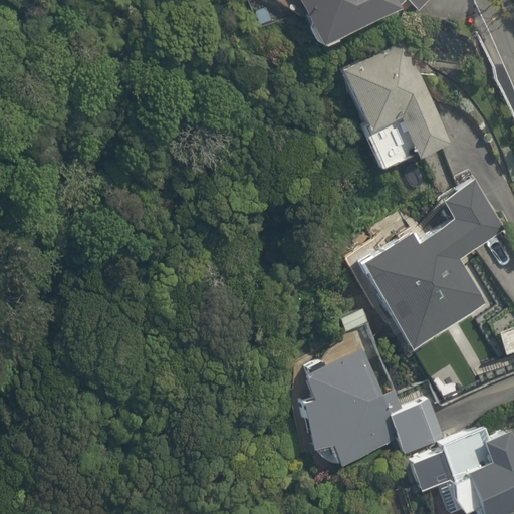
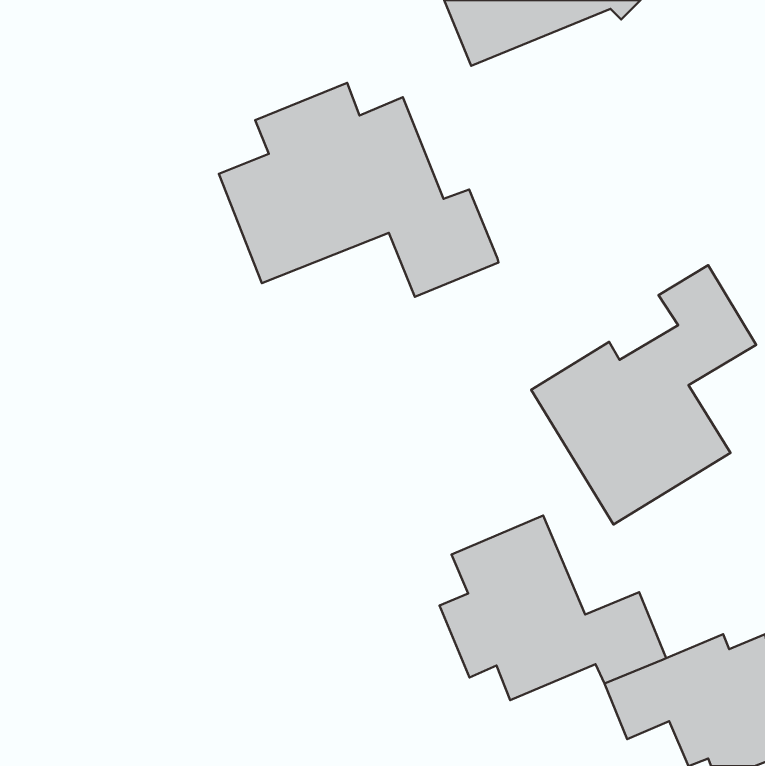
building: [341,43,446,169] -> none
building: none -> [219,83,499,297]

